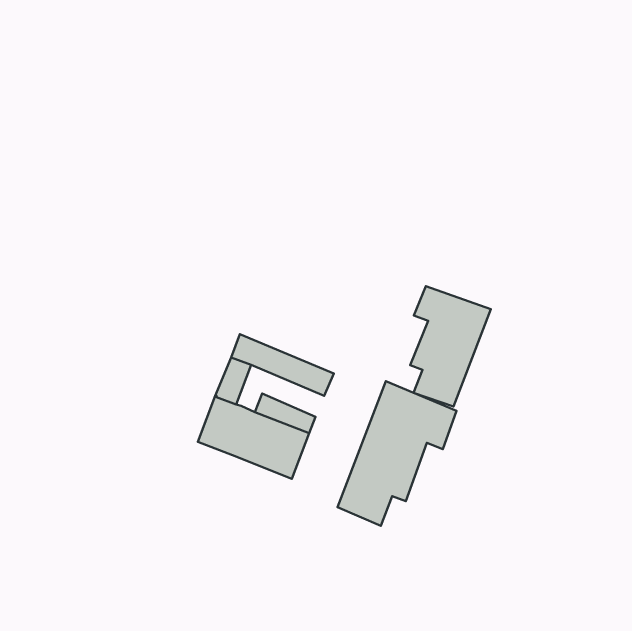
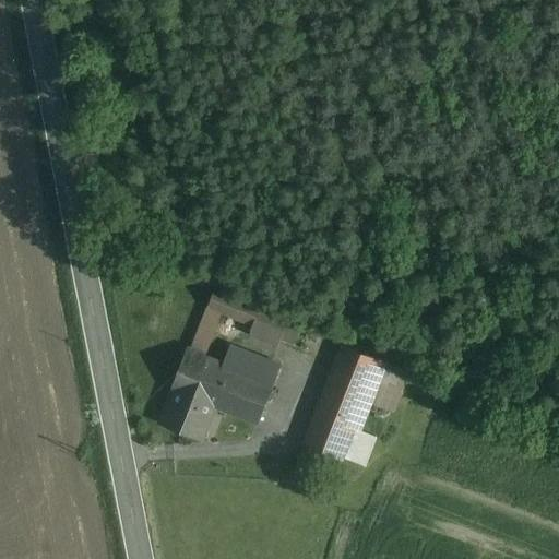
building: [410,286,491,406] -> none
building: none -> [163,391,205,436]

